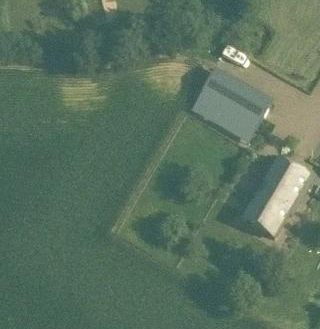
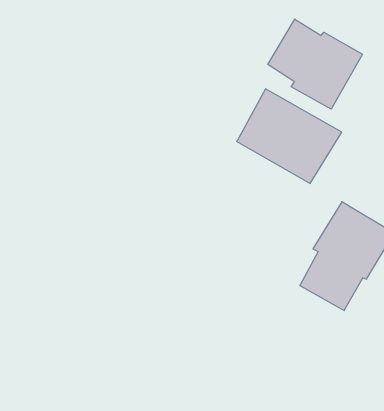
building: none -> [268,19,362,109]

